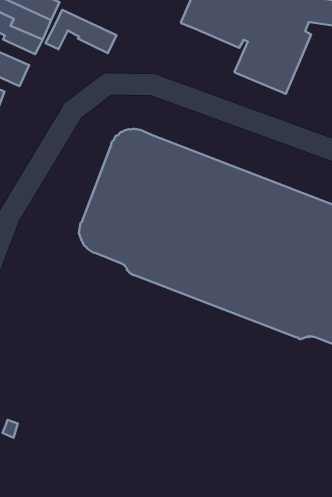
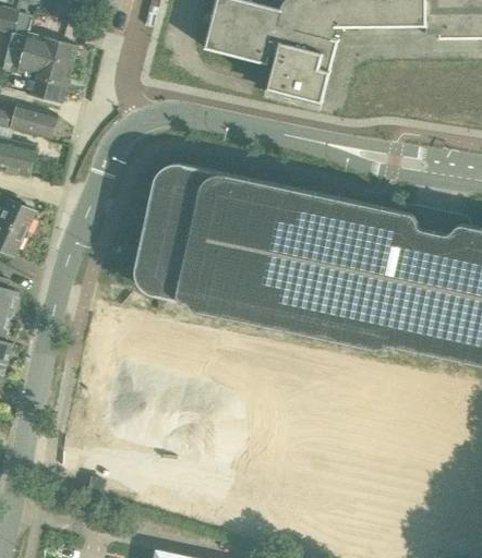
building: [46,10,116,53] -> none

